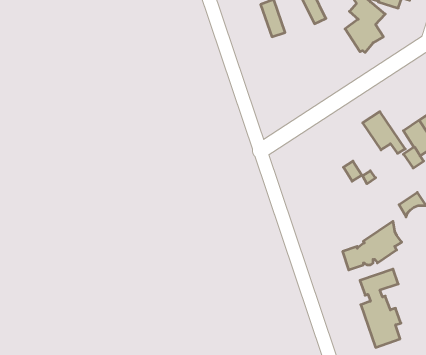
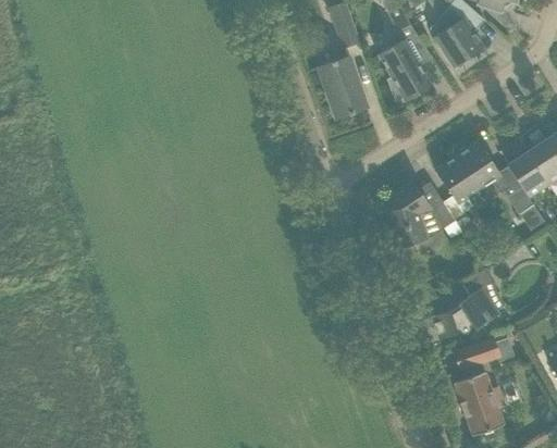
building: none -> [379,39,432,102]
building: none -> [318,55,368,120]
building: none -> [435,155,480,213]
building: none -> [386,181,431,249]

